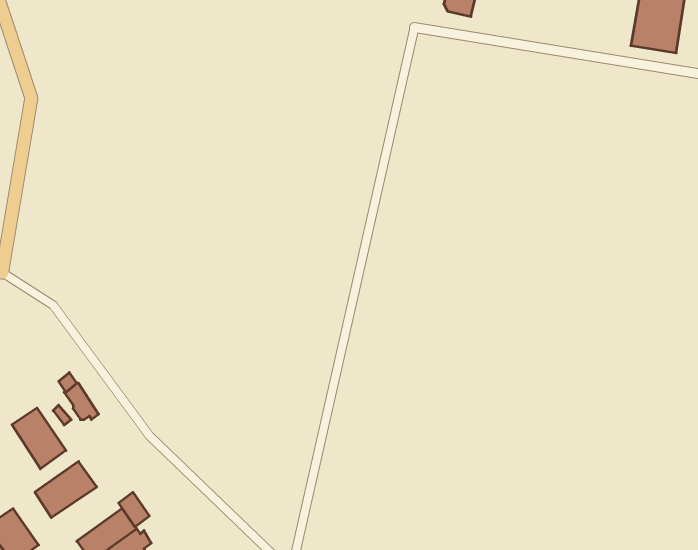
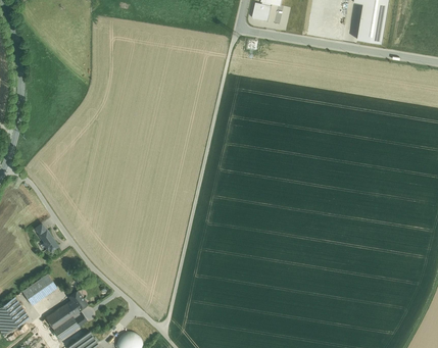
building: [12,408,66,469] -> none

